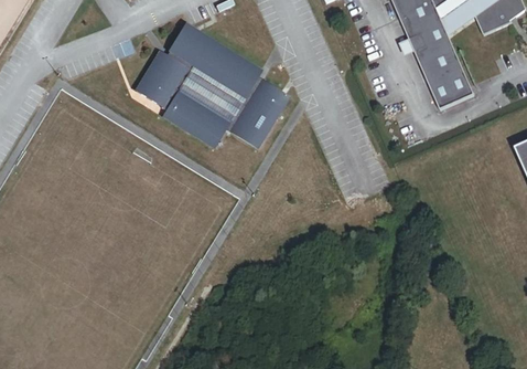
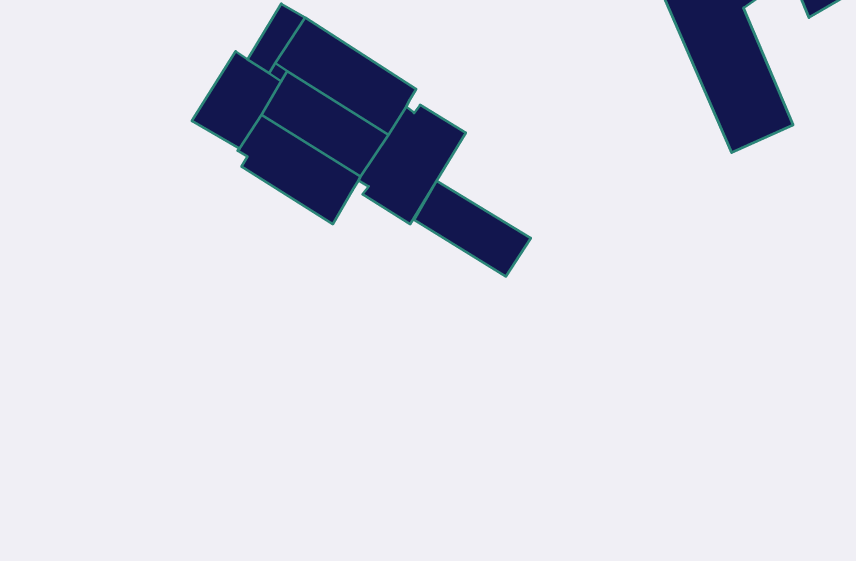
building: none -> [414,181,531,276]

